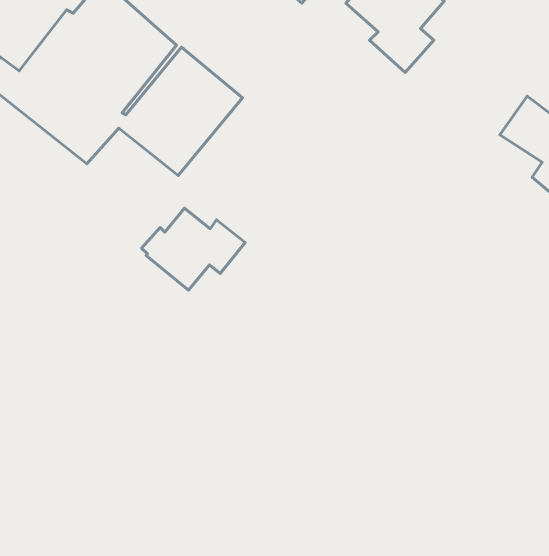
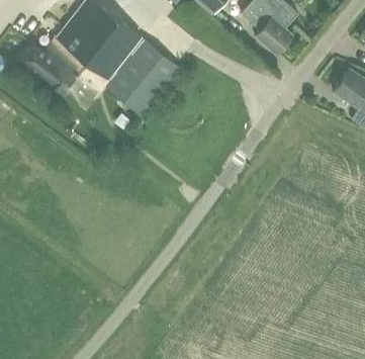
building: [142,208,245,290] -> none

